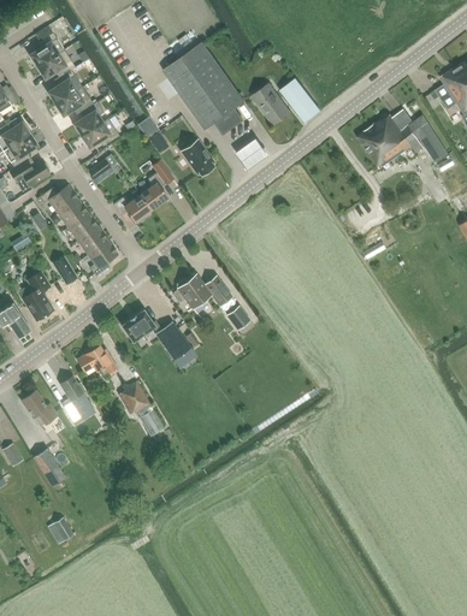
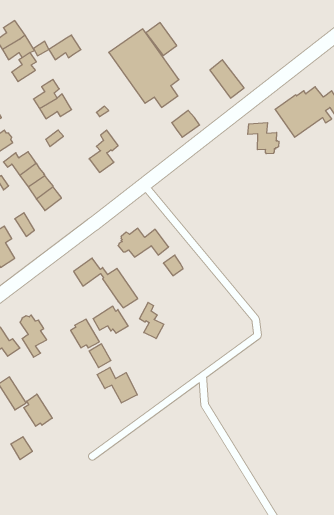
building: [253,85,289,124] -> [146,23,177,56]
building: [57,87,94,116] -> [49,35,81,60]
building: [183,142,217,178] -> none
building: none -> [248,123,279,154]
building: [113,194,152,221] -> none
building: [88,239,118,278] -> none
building: [77,344,118,375] -> [93,306,128,333]
building: none -> [140,302,164,339]
building: none -> [97,367,137,403]
building: none -> [24,394,52,426]

